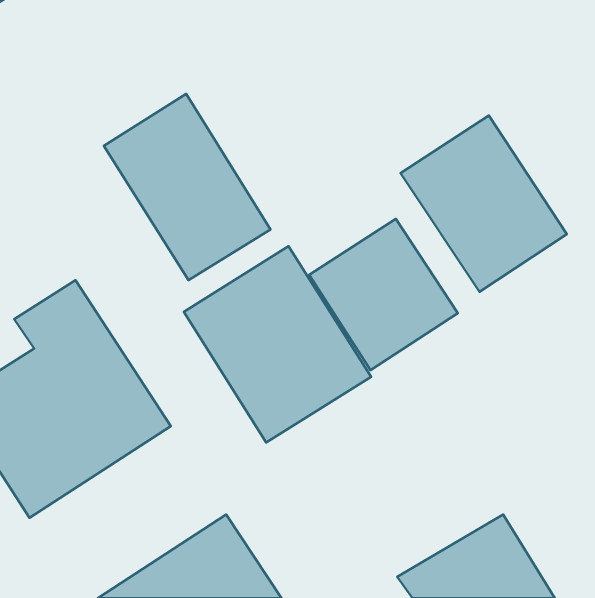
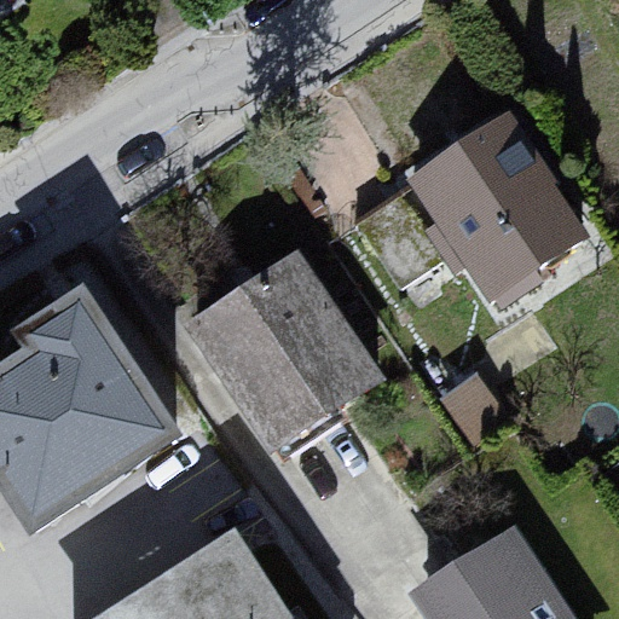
building: [104,94,271,280] -> none
building: [309,219,458,370] -> none

